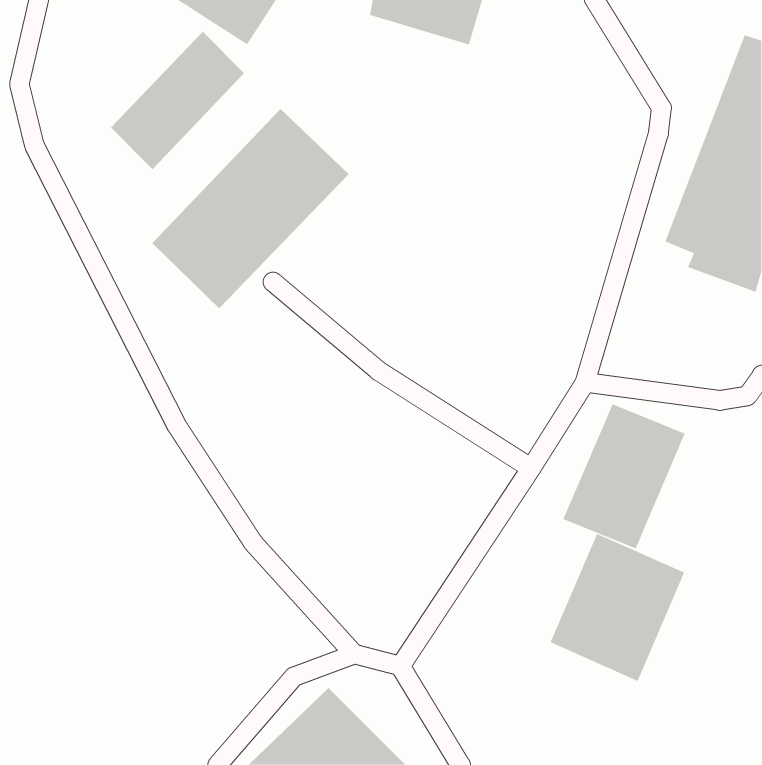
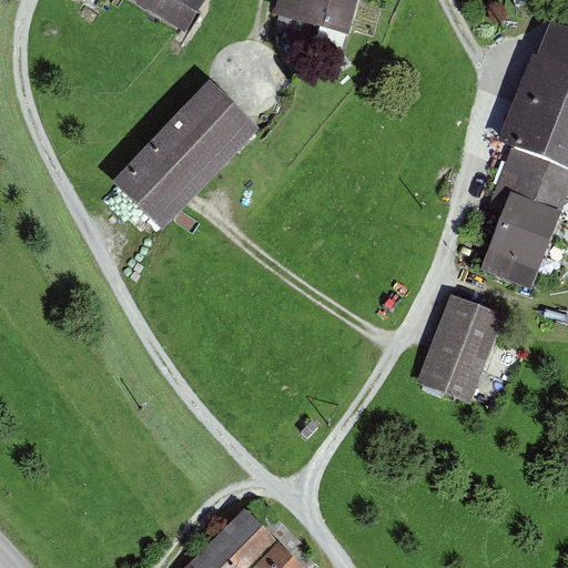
building: [110,31,245,170] -> none
building: none -> [480,197,559,286]
building: [550,533,685,682] -> none

